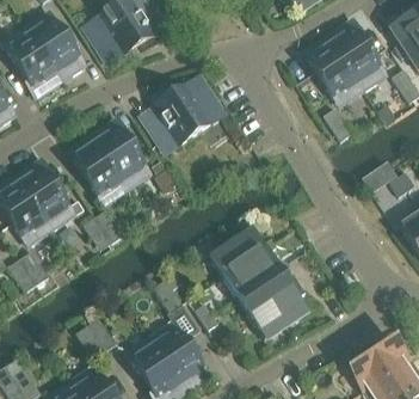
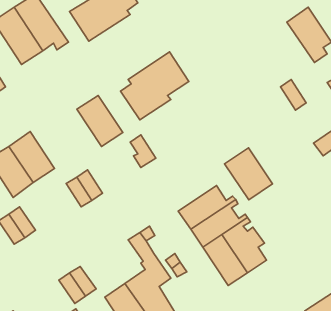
building: [307,42,362,98] -> none
building: [72,140,123,197] -> none
building: none -> [225,148,273,200]

